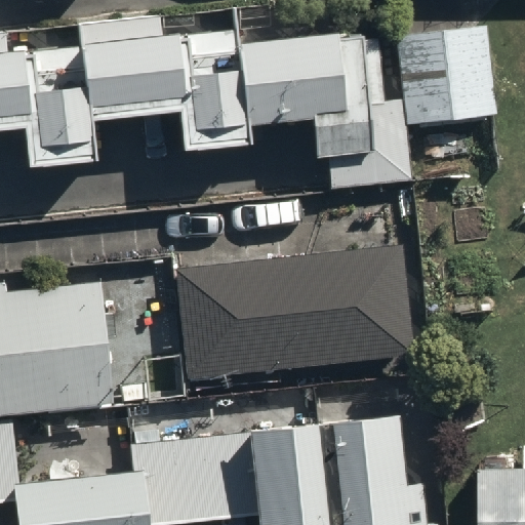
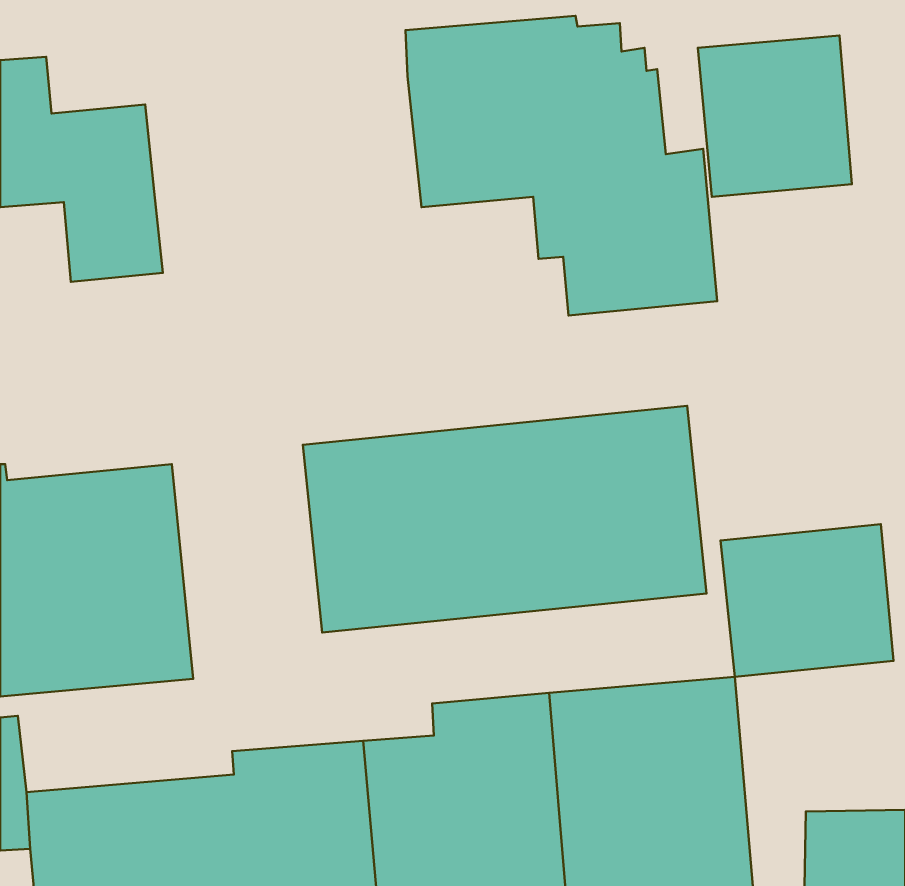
building: [80,22,246,158] -> none
building: none -> [720,524,893,677]

